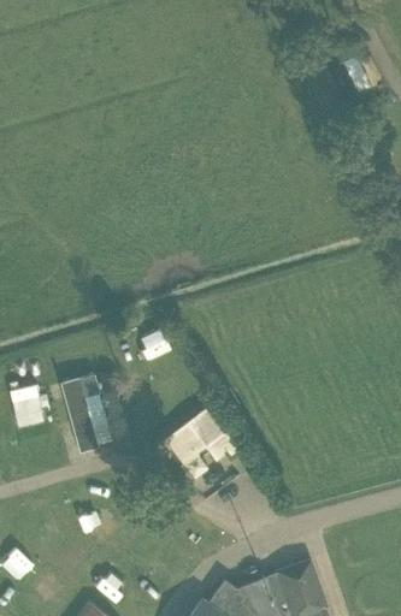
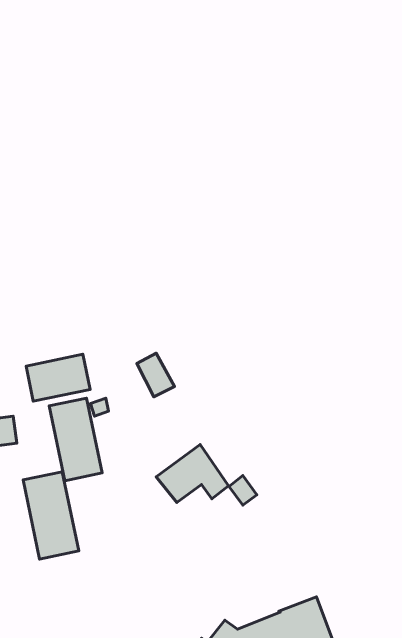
building: none -> [26,354,90,401]
building: none -> [23,472,79,559]

